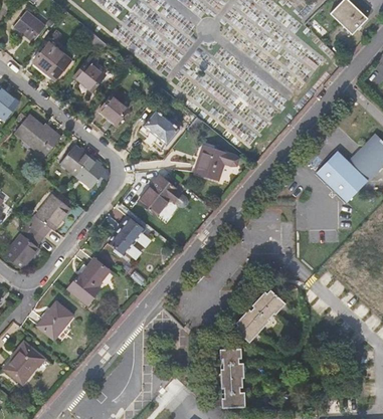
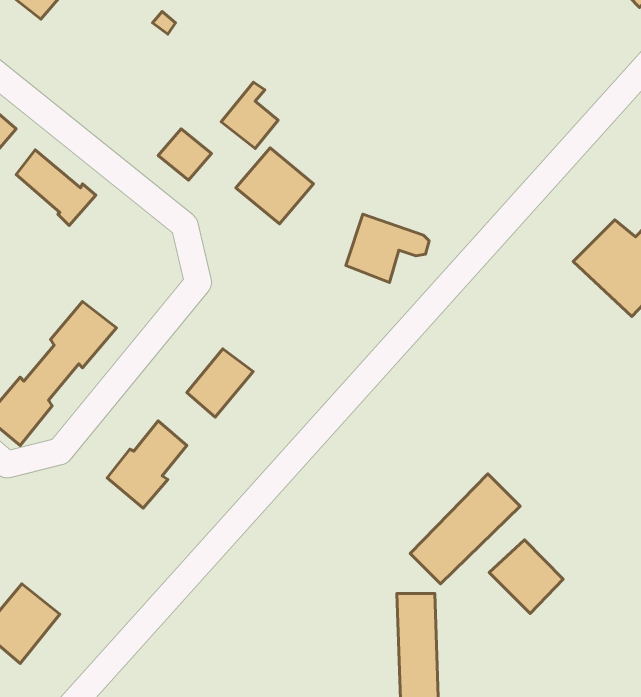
building: [32,43,70,82] -> none
building: [73,57,104,92] -> [221,82,278,148]
building: [59,150,102,190] -> none
building: [140,176,182,215] -> none
building: [37,301,73,339] -> none
building: none -> [489,540,563,614]

